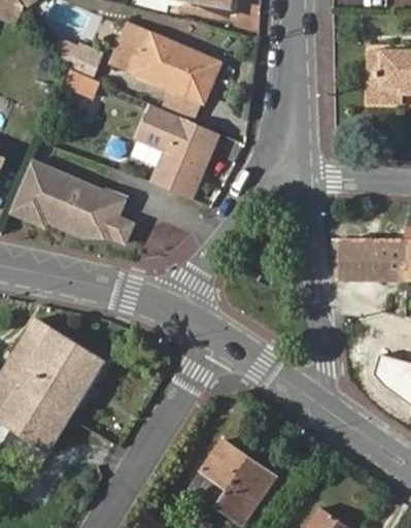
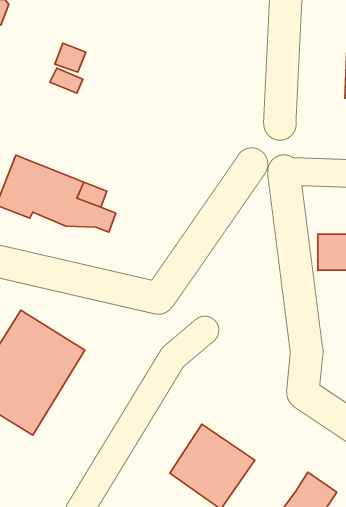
building: [113,25,219,102] -> none
building: [138,104,220,198] -> none

